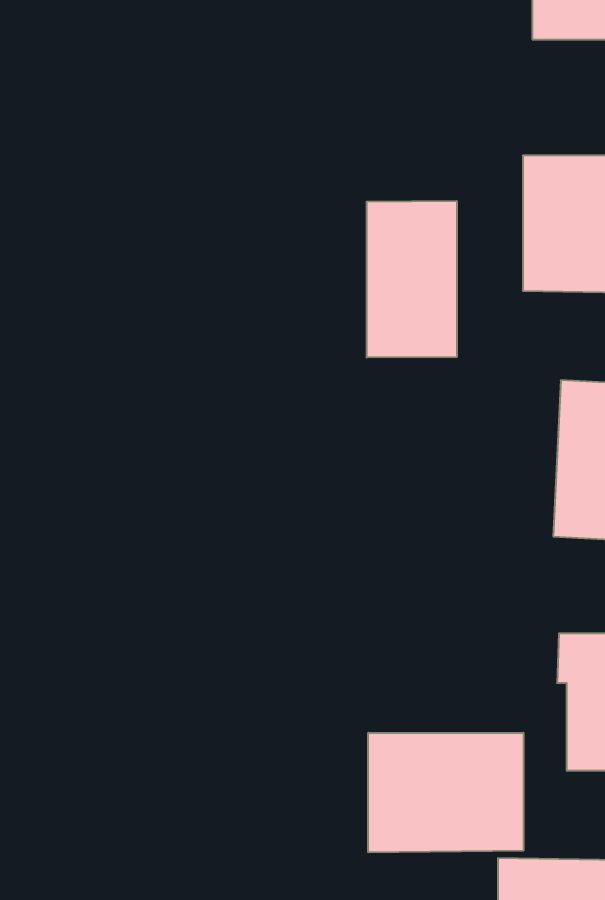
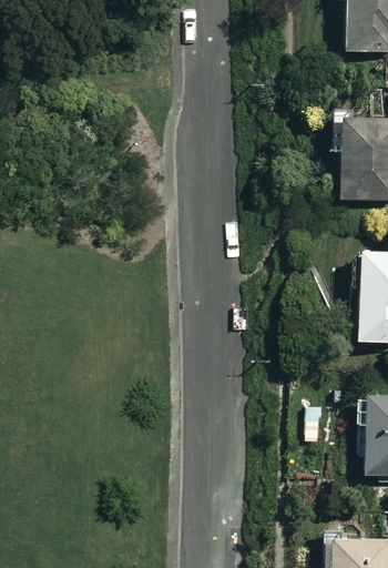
building: [367,201,457,358] -> none
building: [368,733,523,852] -> none

